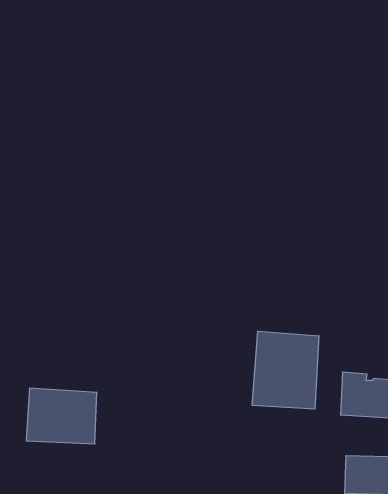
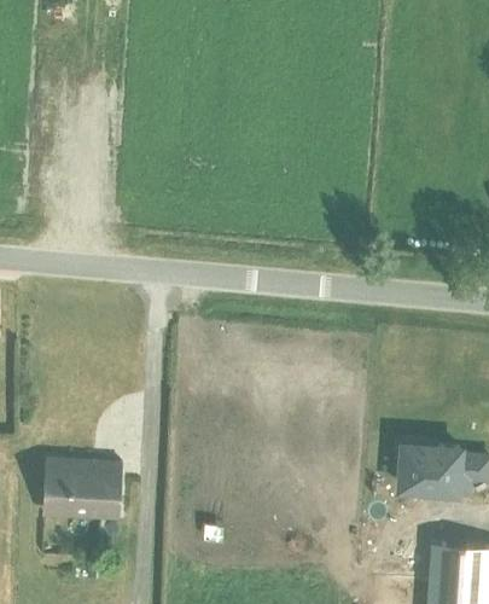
building: [252,331,319,409] -> none

